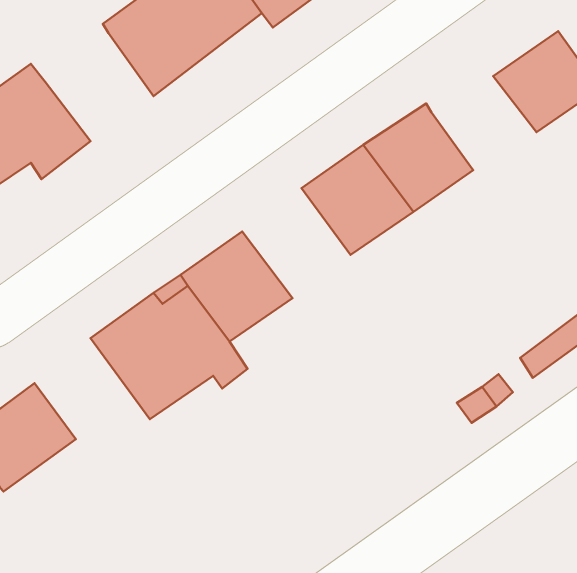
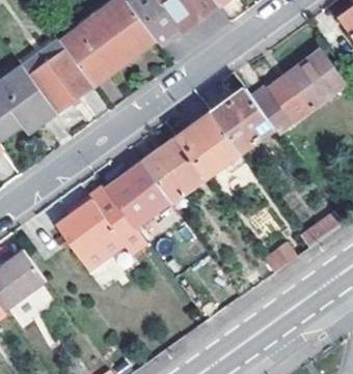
building: none -> [27,51,89,113]
building: none -> [249,76,309,133]
building: none -> [140,140,205,204]

